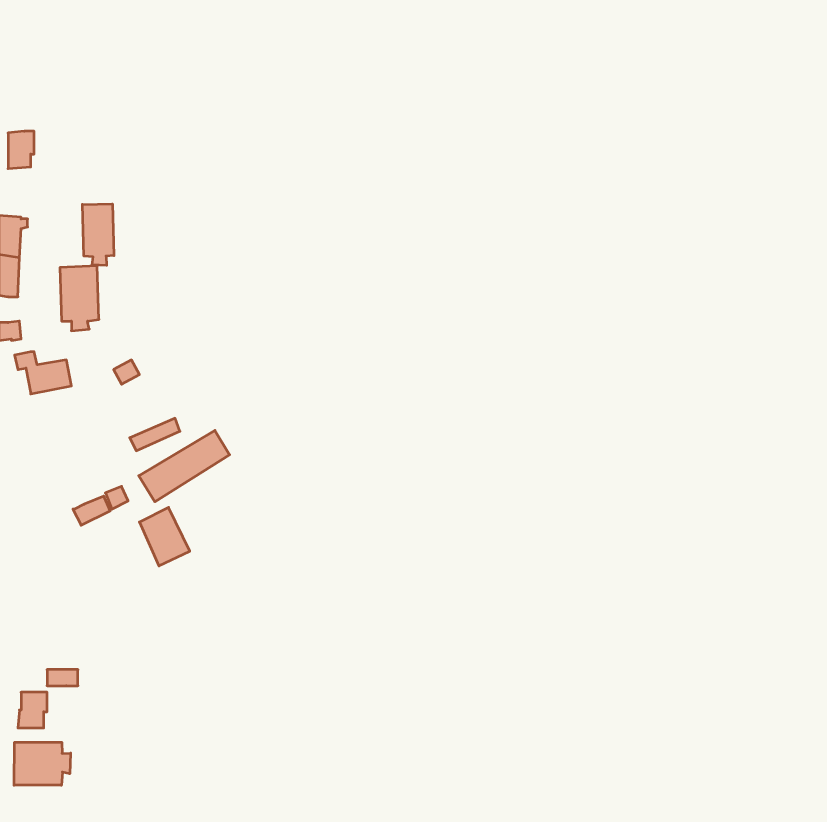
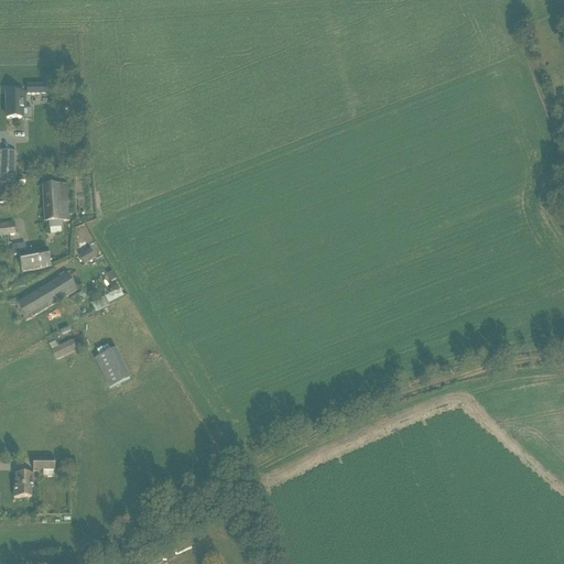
building: [82,204,114,265] -> none
building: [139,430,230,502] -> [14,269,76,317]
building: [14,742,71,785] -> none

